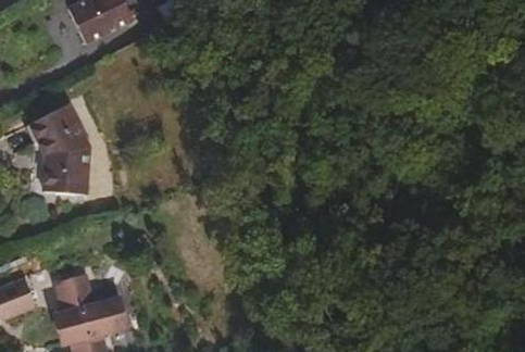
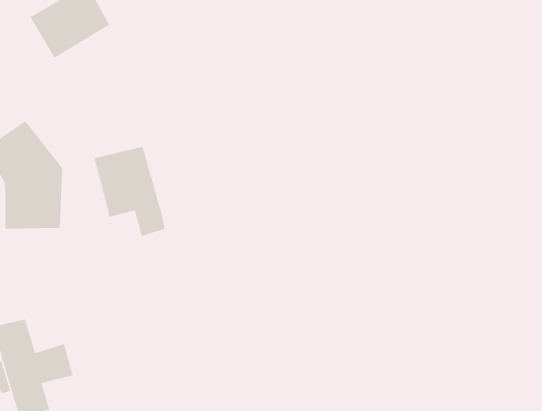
building: none -> [94,146,165,237]

